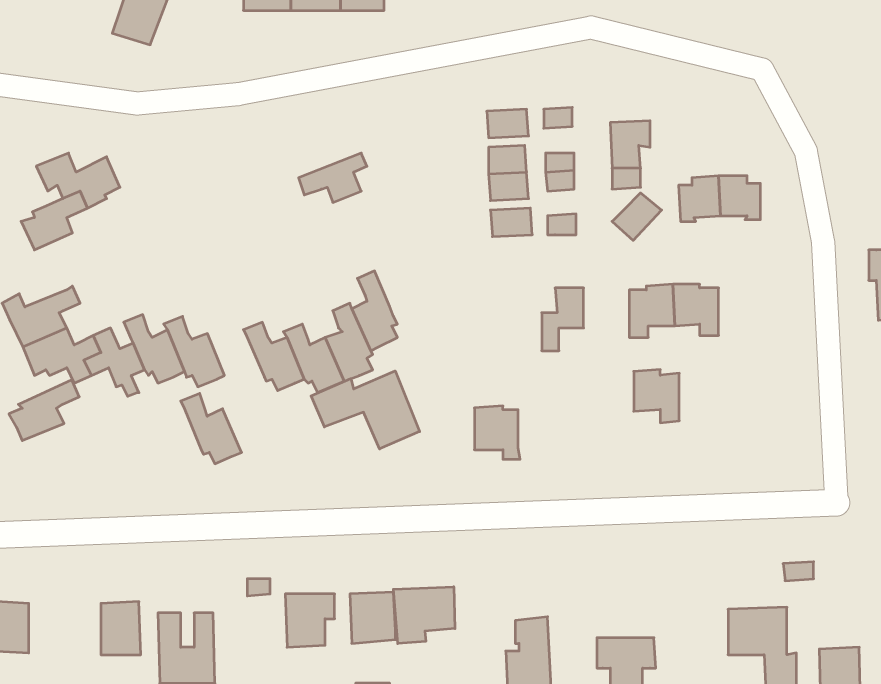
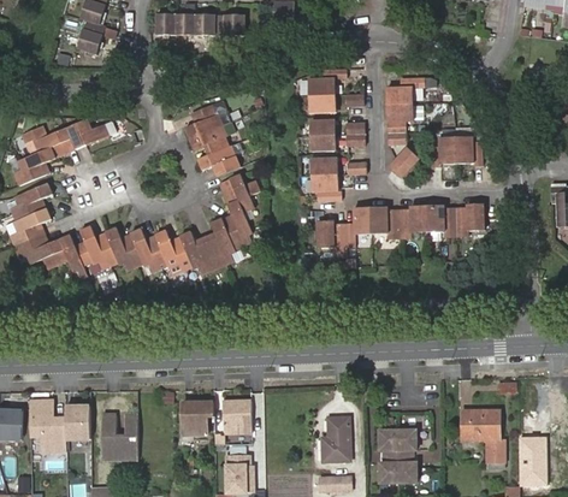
building: none -> [309,69,345,96]
building: none -> [387,78,424,103]
building: none -> [185,105,230,138]
building: none -> [69,118,116,144]
building: none -> [199,143,242,174]
building: none -> [313,174,342,201]
building: none -> [223,176,259,220]
building: none -> [456,205,485,238]
building: [634,370,679,423] -> [371,207,400,241]
building: [311,371,420,449] -> none
building: [9,380,79,441] -> [8,182,53,220]
building: [181,393,242,464] -> [130,227,168,272]
building: [474,406,520,459] -> [316,221,345,255]
building: [393,587,455,644] -> none
building: none -> [35,402,66,452]

